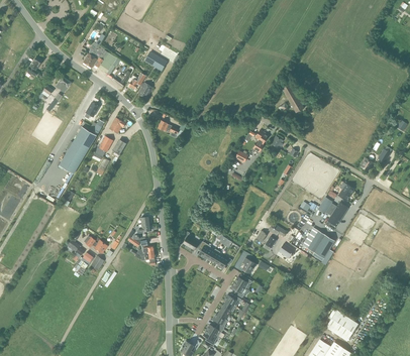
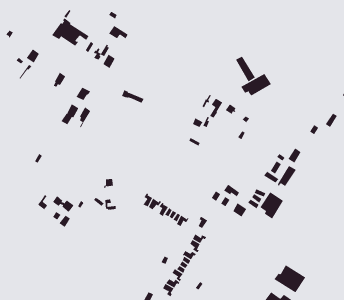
building: none -> [241,73,272,97]
building: [61,128,98,174] -> none

